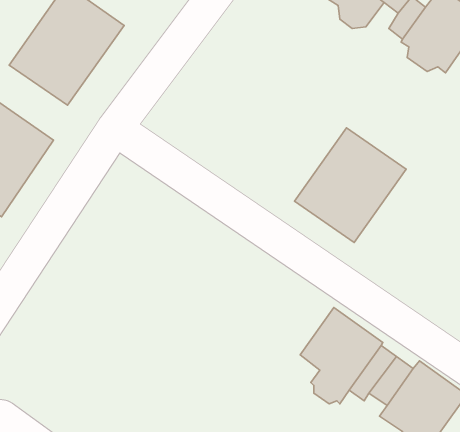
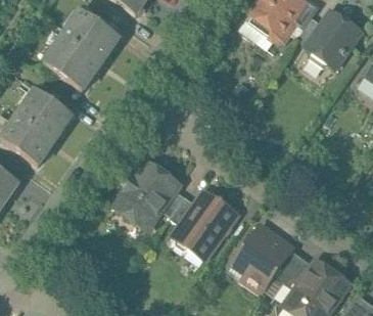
building: [294,128,406,243] -> [167,187,241,264]
building: none -> [109,156,183,232]

